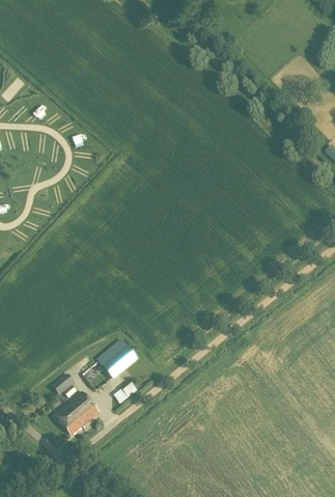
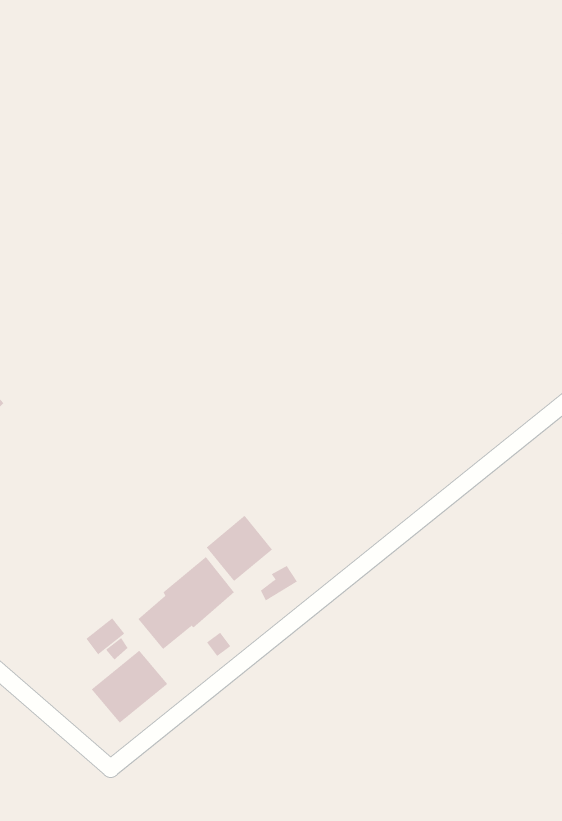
building: none -> [206,515,273,582]

